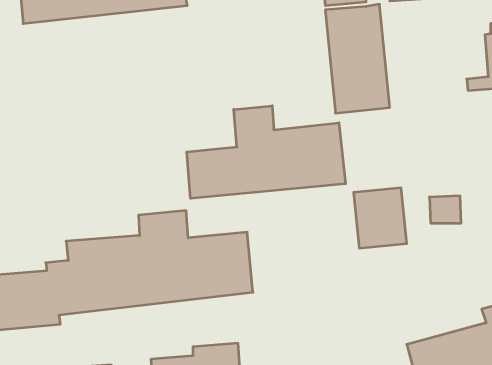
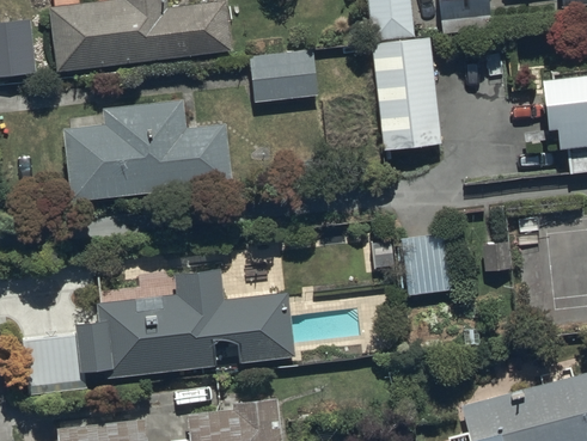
building: none -> [250,51,317,104]
building: none -> [63,98,233,196]
building: [187,106,346,198] -> none

